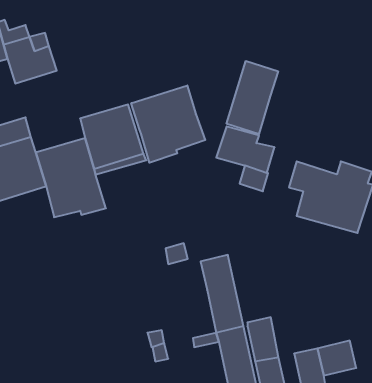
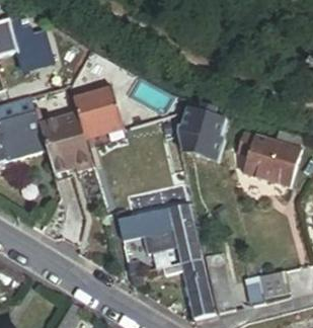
building: [227,61,278,134] -> none
building: [131,85,205,163] -> none
building: none -> [118,208,173,240]

